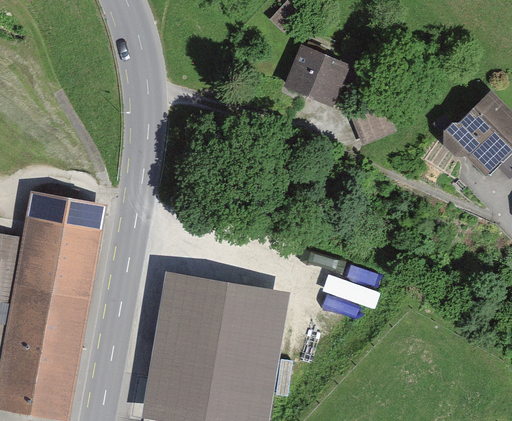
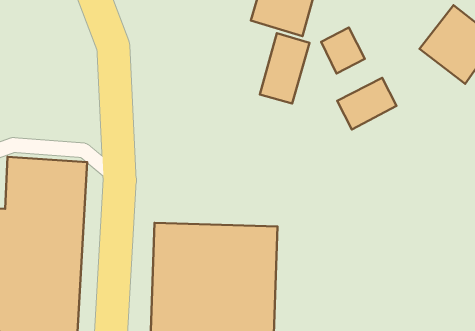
building: none -> [260,33,310,104]
building: none -> [337,78,397,130]

